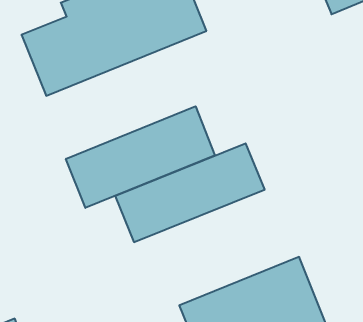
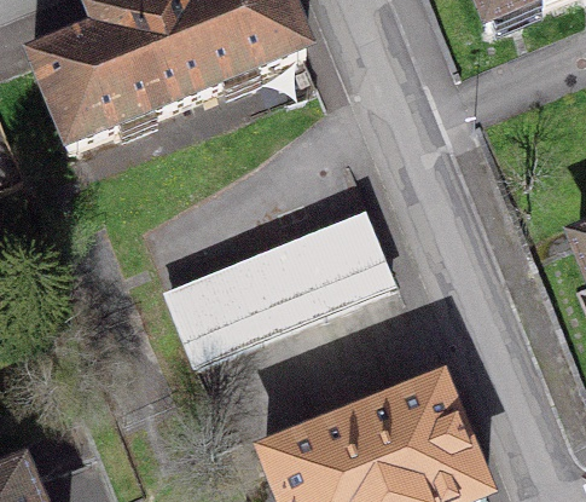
building: [66,106,215,208] -> none

